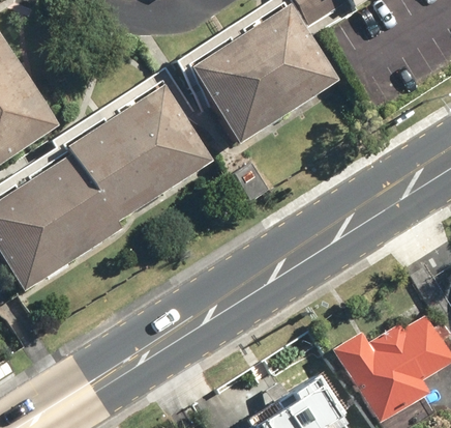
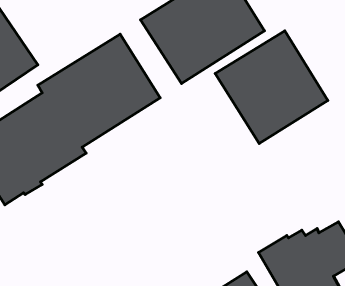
building: none -> [215,31,328,143]

